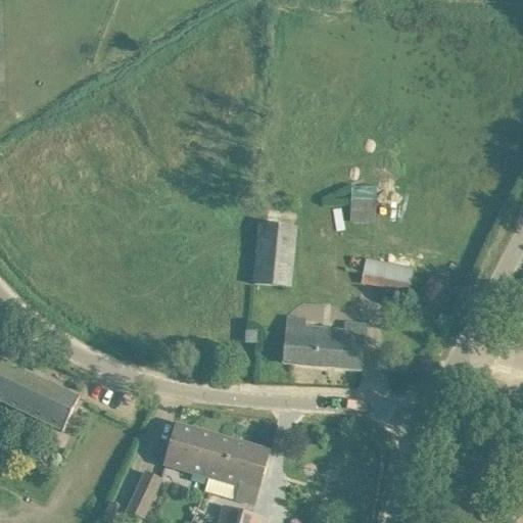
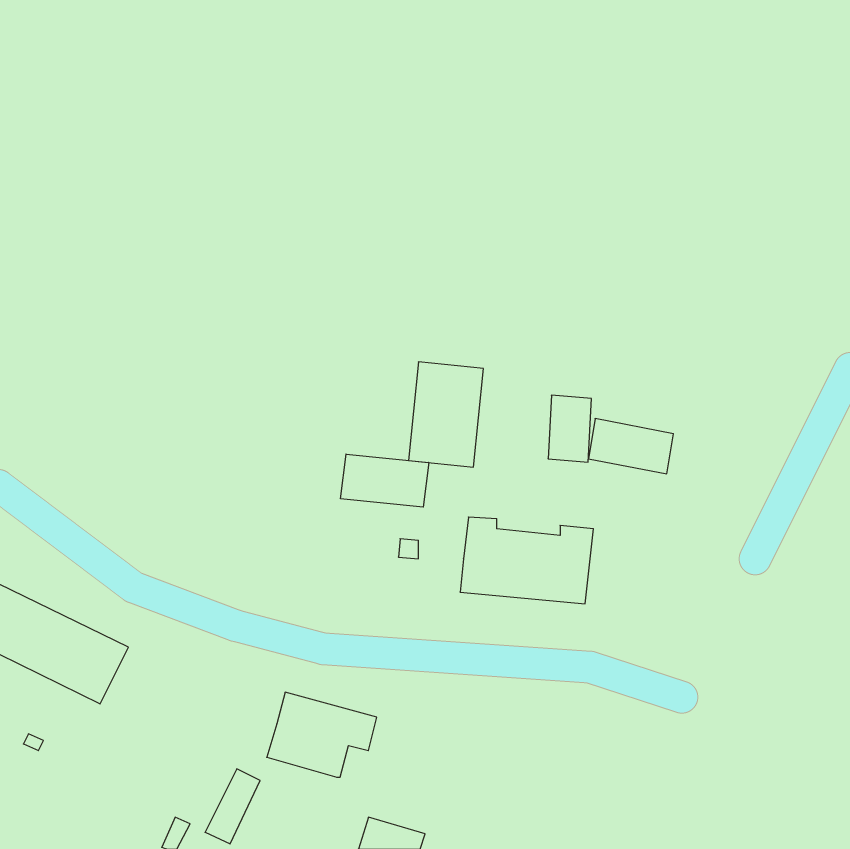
building: [348,182,375,223] -> [548,395,591,462]
building: none -> [341,454,429,507]
building: [202,439,269,505] -> none

